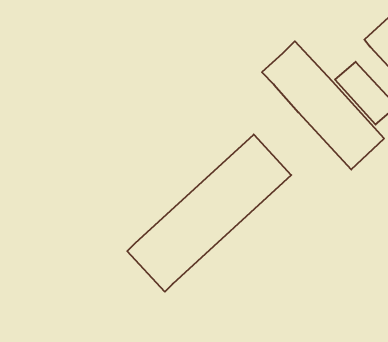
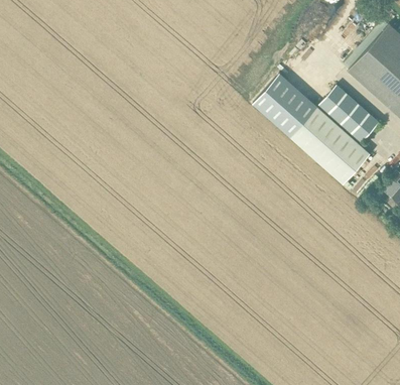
building: [127,134,291,292] -> none

